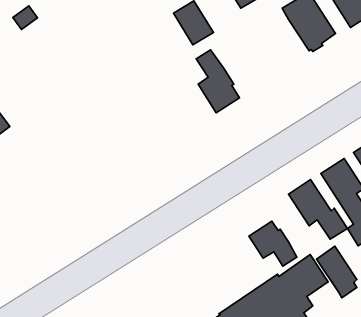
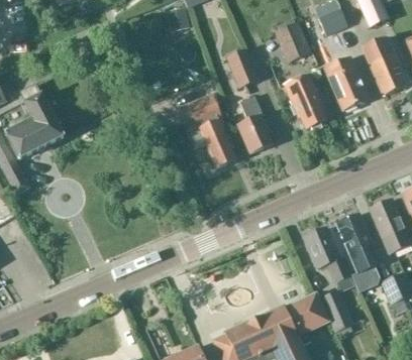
building: none -> [285,74,328,129]
building: none -> [189,95,237,168]
building: [249,221,297,266] -> none

